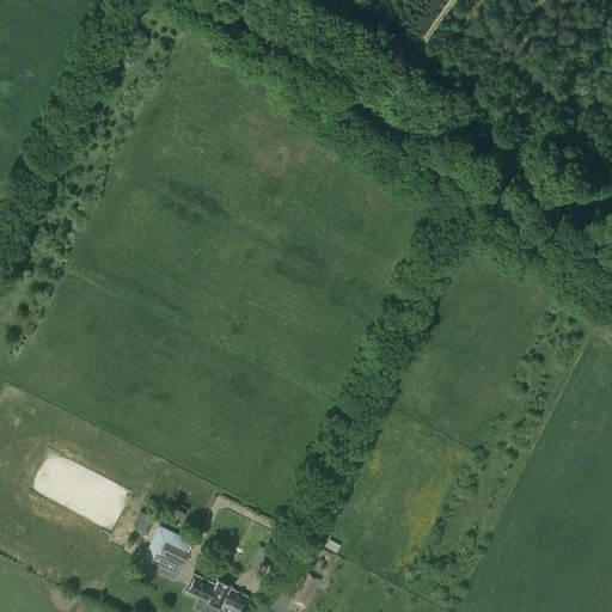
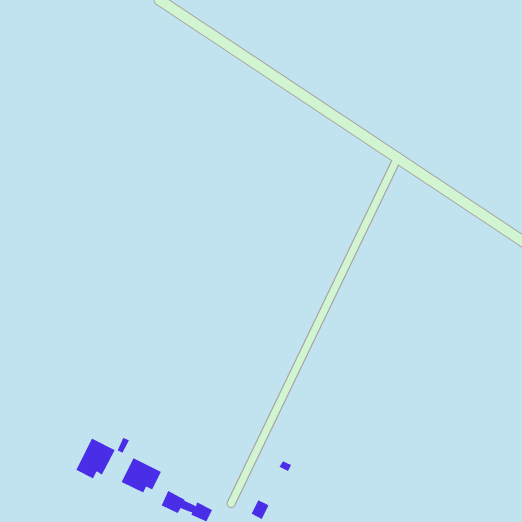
building: none -> [75,438,115,479]

